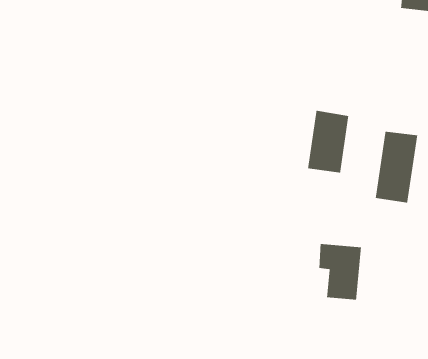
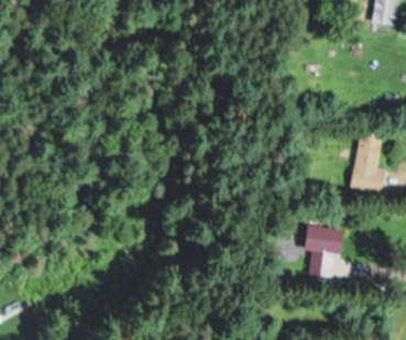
building: [307,110,349,174] -> none

